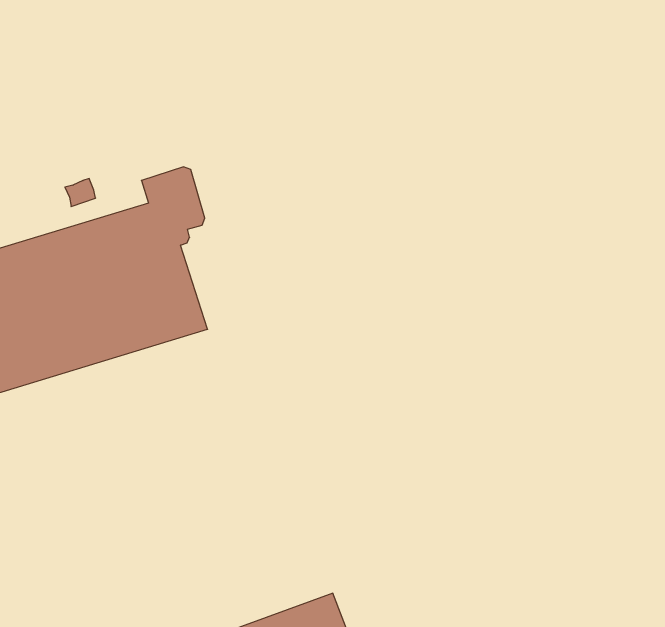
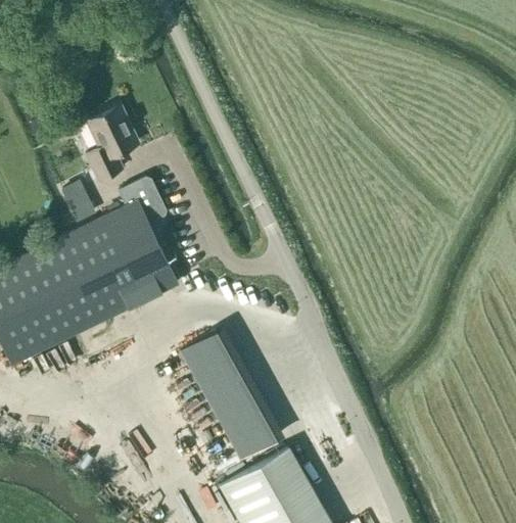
building: none -> [86,106,137,182]
building: none -> [180,329,280,459]

